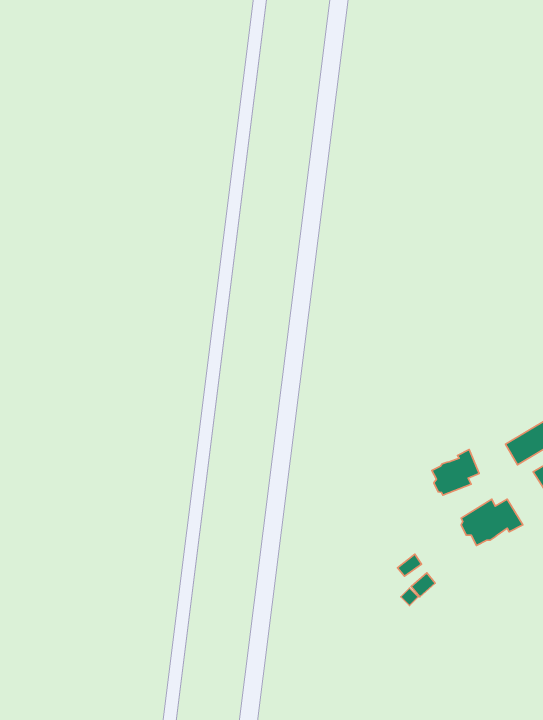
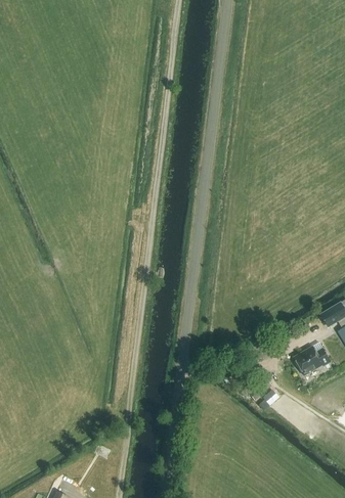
building: [432,450,479,495] -> none

